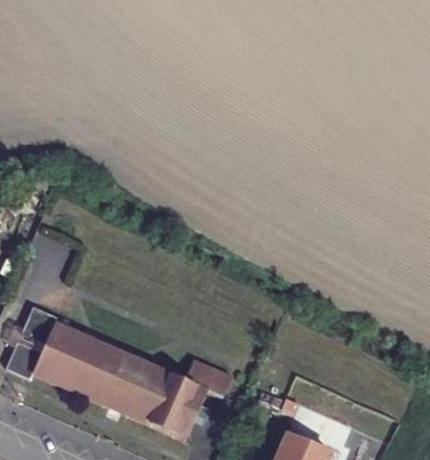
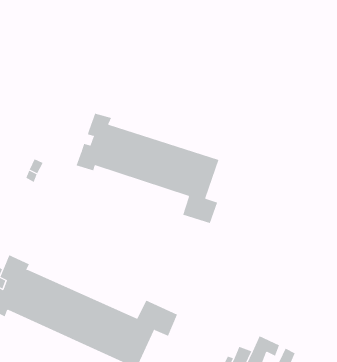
building: none -> [76,113,219,224]

